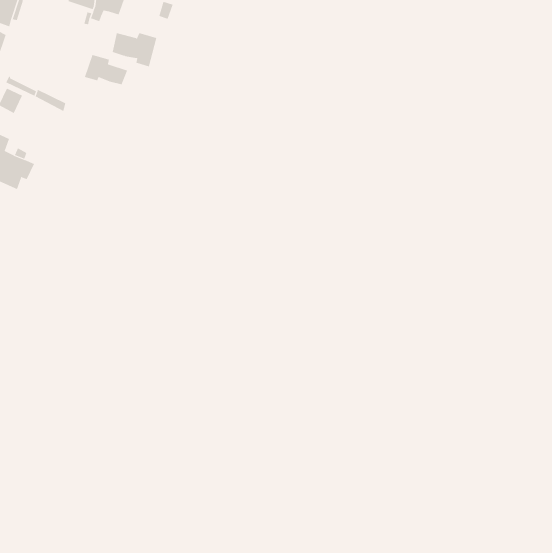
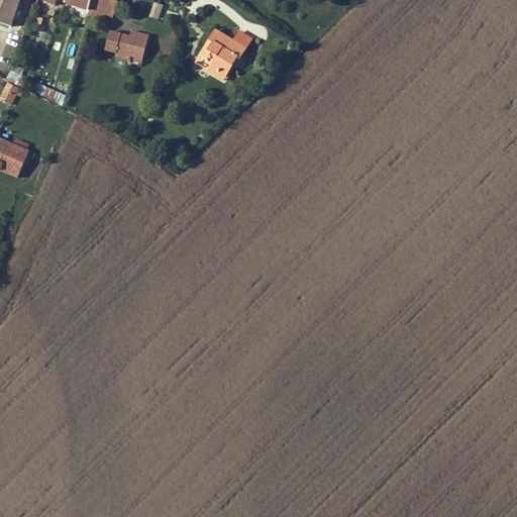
building: none -> [198,29,244,80]
building: [84,54,128,85] -> none

